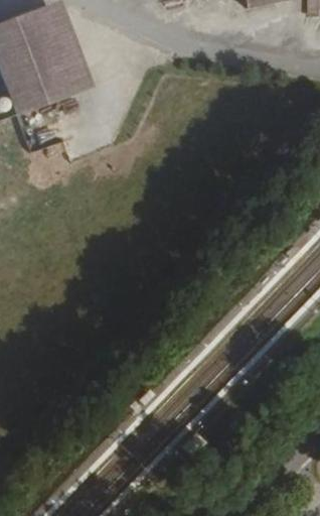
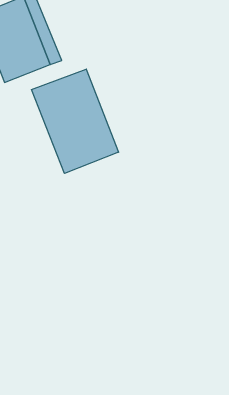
building: none -> [32,69,119,173]

